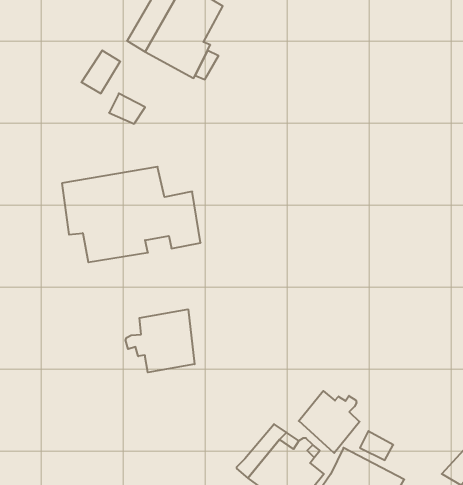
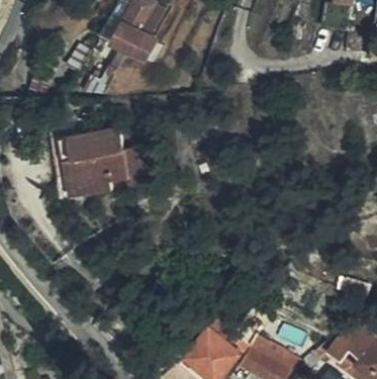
building: [126,309,195,372] -> none
building: [299,391,360,453] -> none

